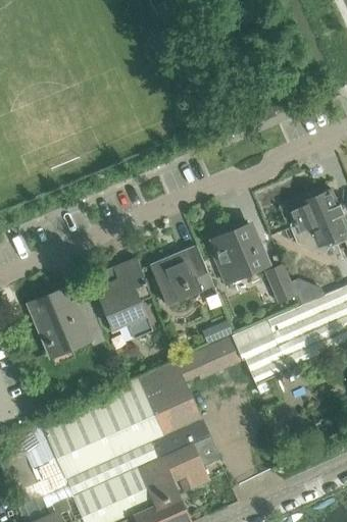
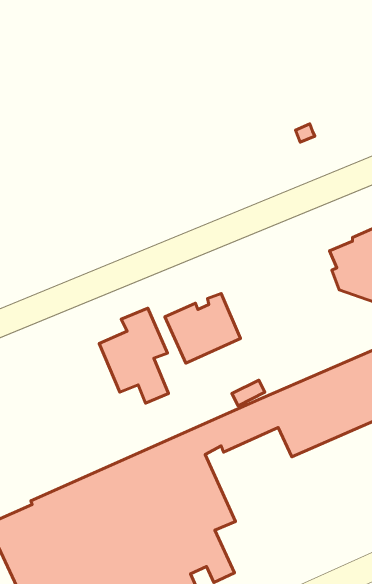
building: [209,223,270,284] -> none
building: [265,264,295,303] -> none
building: [30,292,105,356] -> none

